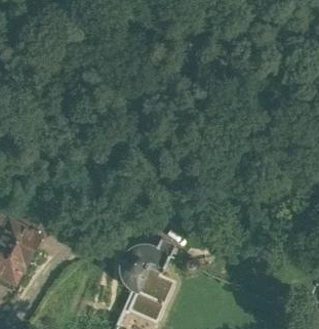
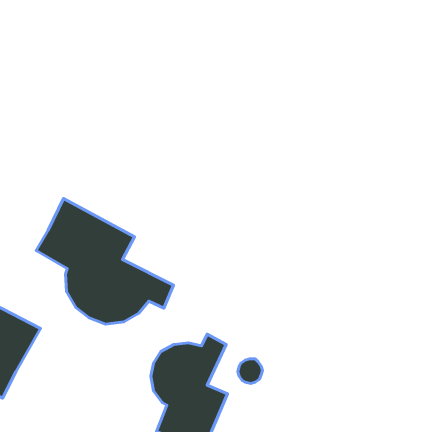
building: none -> [36,198,174,324]

